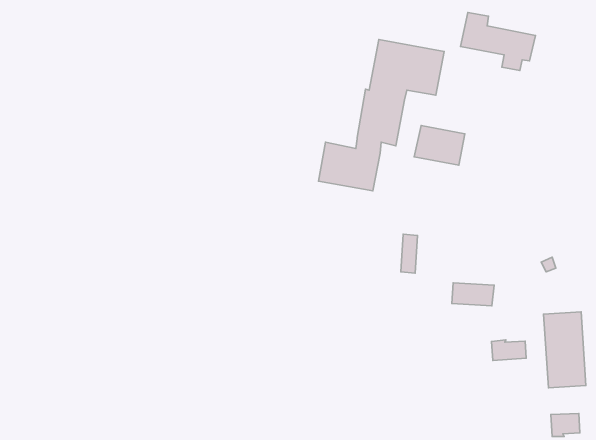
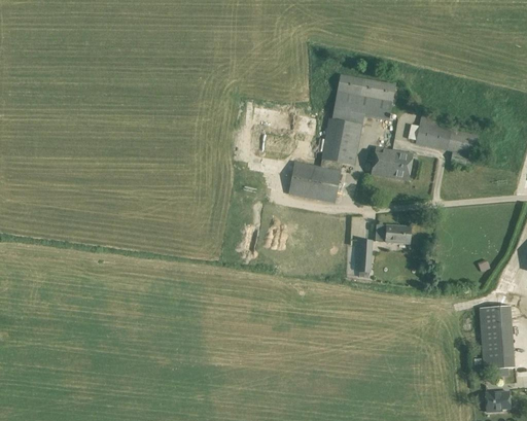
building: [461,13,536,71] -> [415,114,479,164]
building: [452,283,494,306] -> [375,223,411,243]
building: [492,340,526,361] -> none

